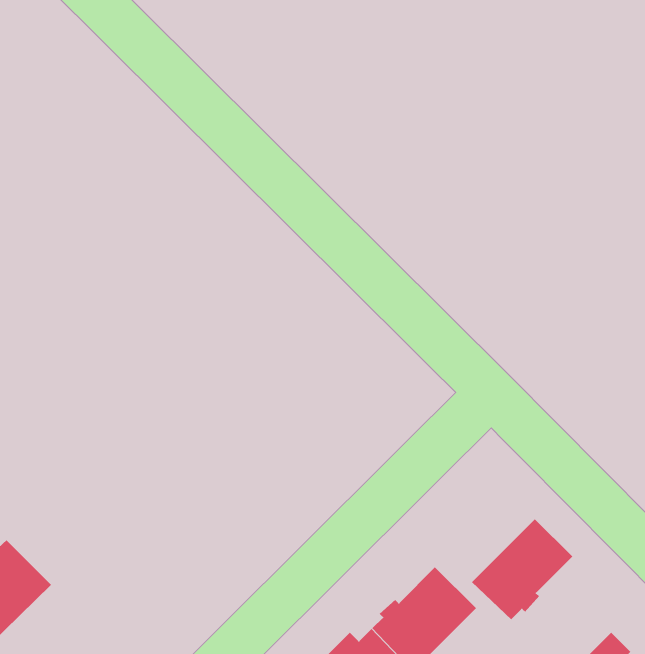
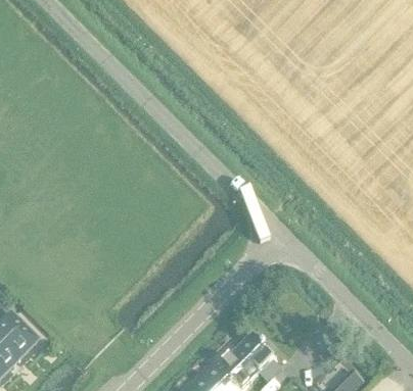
building: [471,518,573,620] -> none

